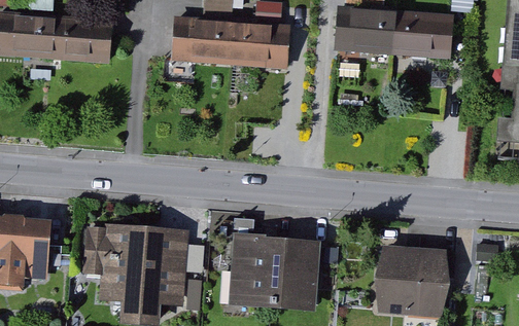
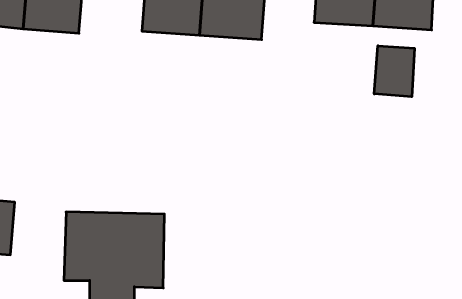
building: none -> [374,46,414,97]
building: [237,238,322,307] -> none
building: [376,245,441,311] -> none

